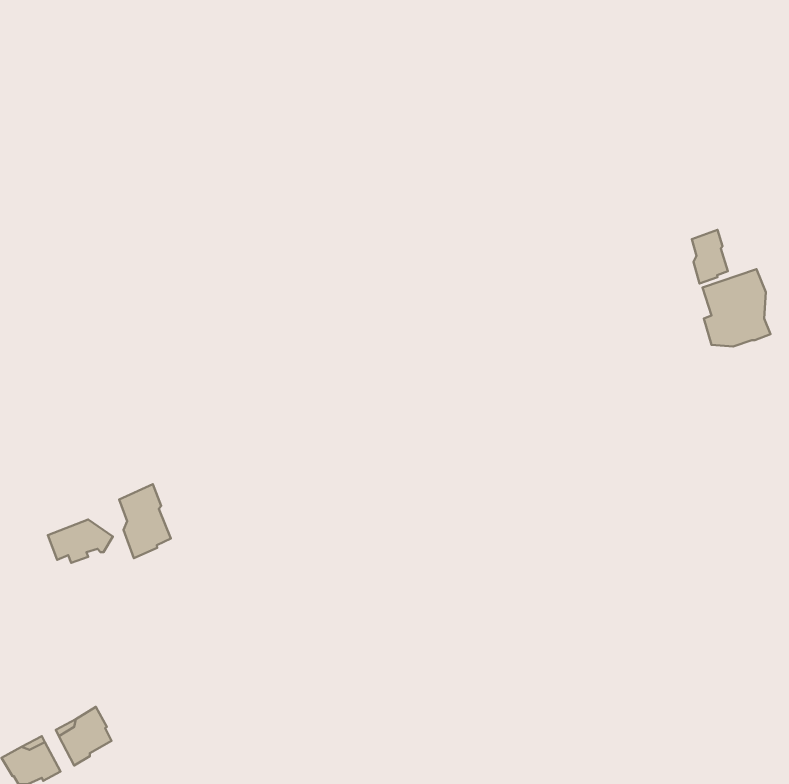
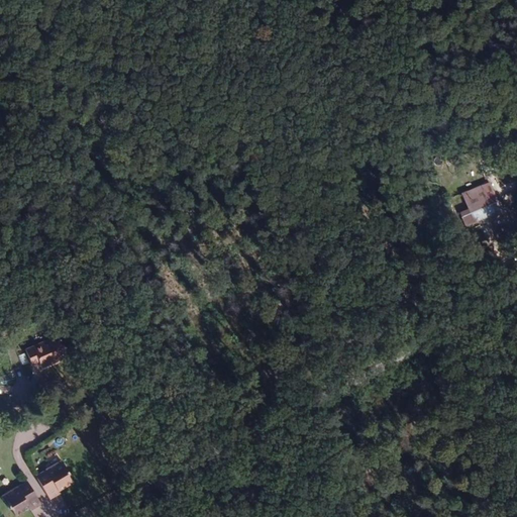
building: [692,230,728,284] -> none
building: [119,484,171,558] -> none

